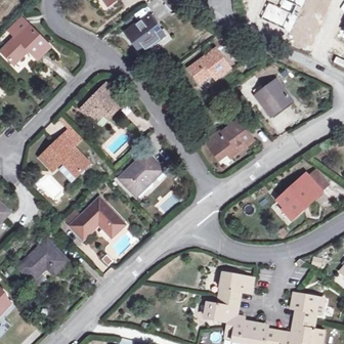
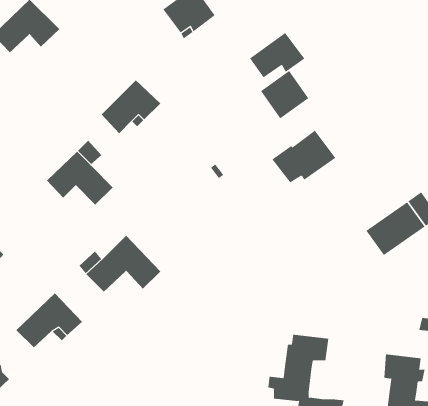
building: [255,80,291,116] -> [260,70,309,119]
building: [119,152,162,196] -> none

